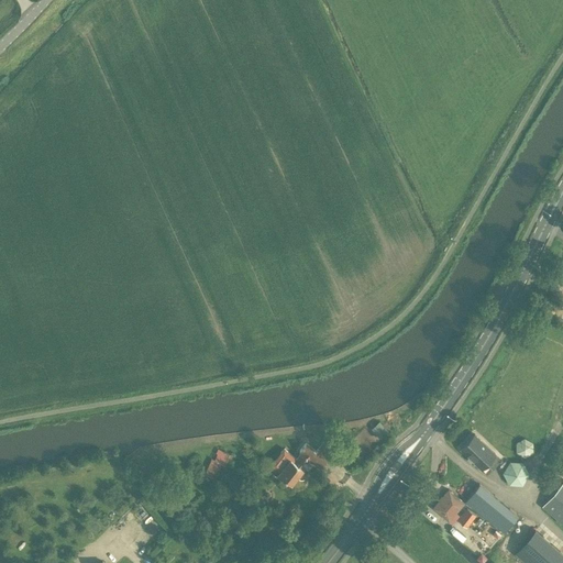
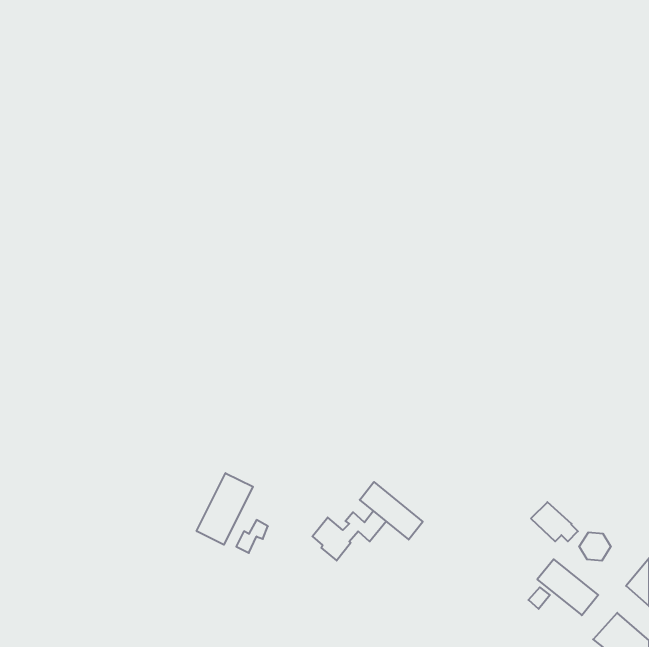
building: none -> [197,473,253,545]
building: none -> [360,482,423,540]
building: [433,490,465,523] -> none

